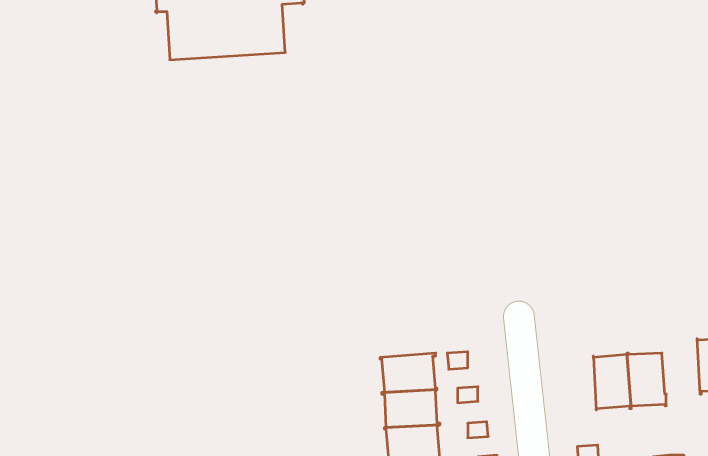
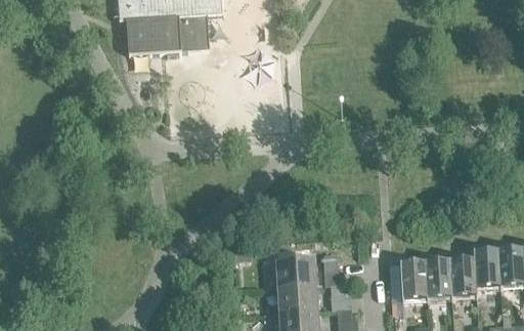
building: none -> [472,248,499,287]
building: none -> [399,260,427,300]

